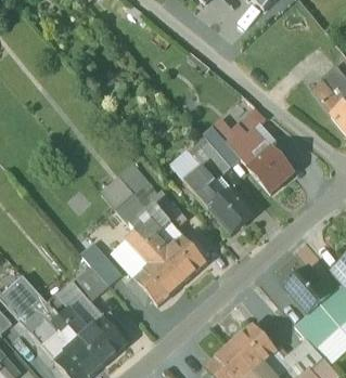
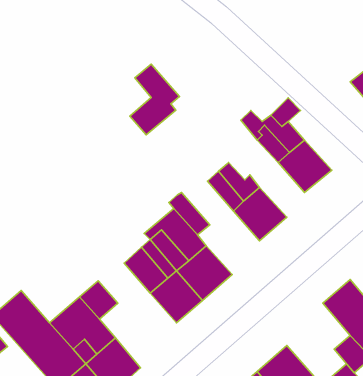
building: [190,139,230,179] -> none
building: [116,164,159,225] -> [130,64,180,135]
building: [80,243,123,286] -> none

